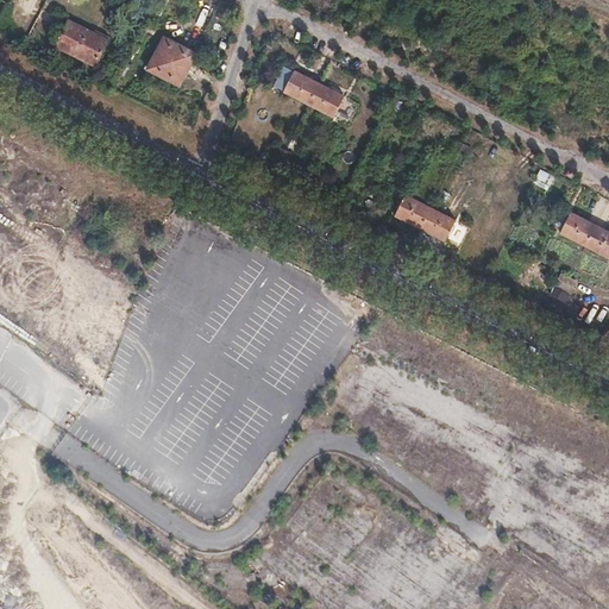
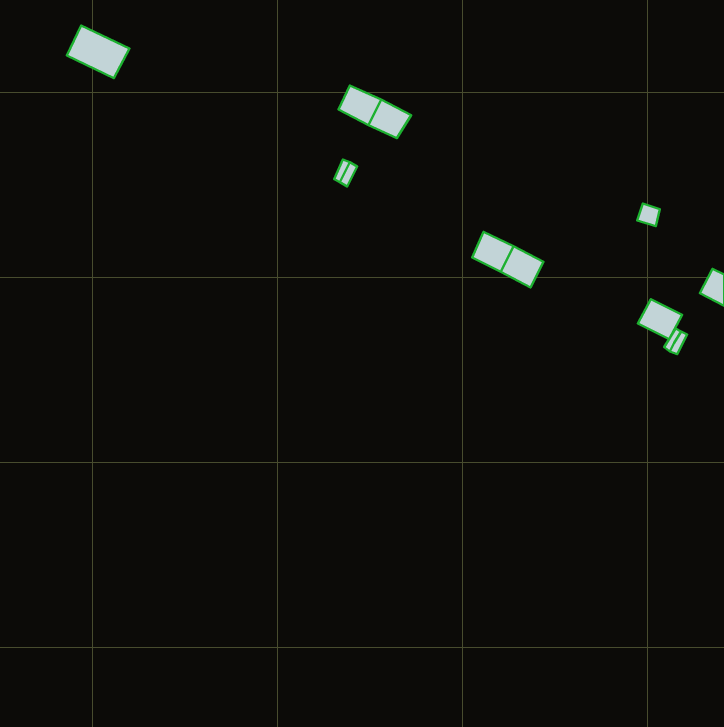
building: [147,36,197,86] -> none
building: [559,212,596,245] -> [638,299,682,339]

